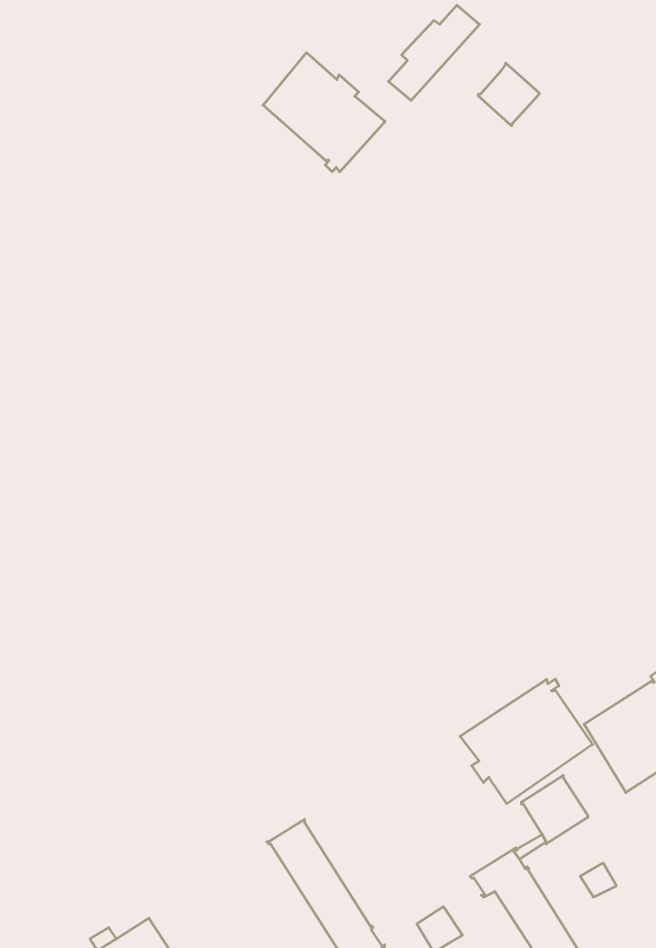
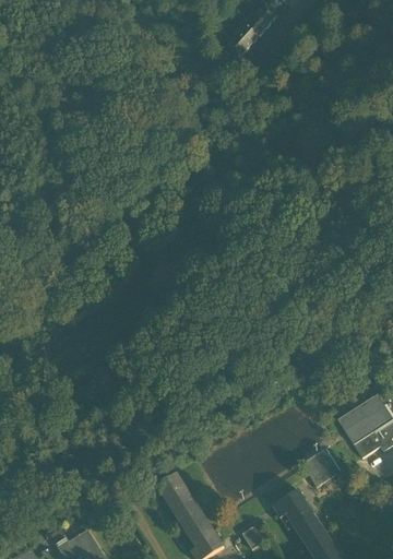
building: [263,53,385,172] -> none
building: [478,63,539,126] -> none
building: [460,679,593,804] -> none

